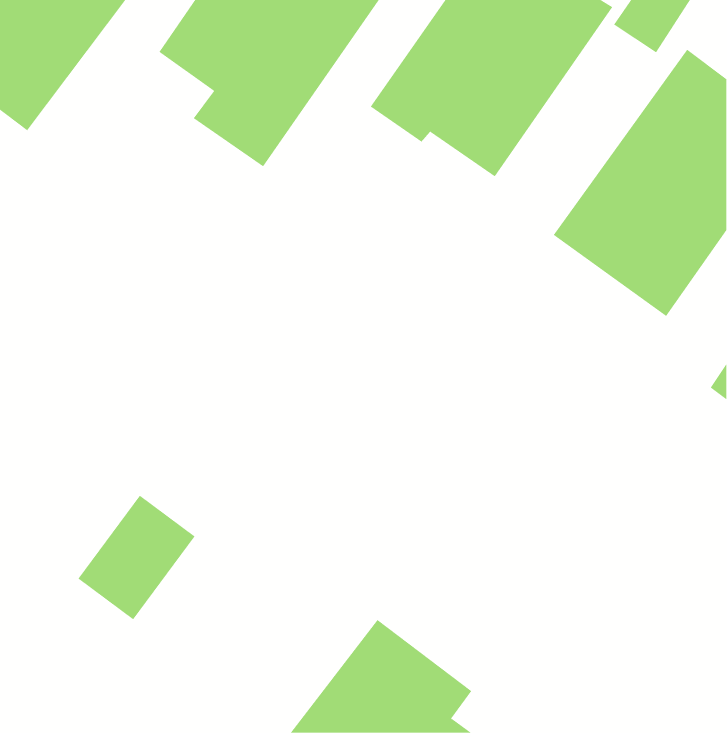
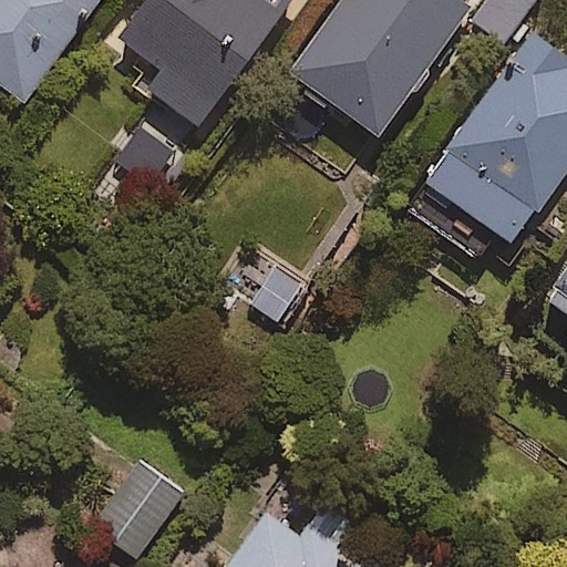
building: [77,495,195,620] -> [92,461,183,557]

